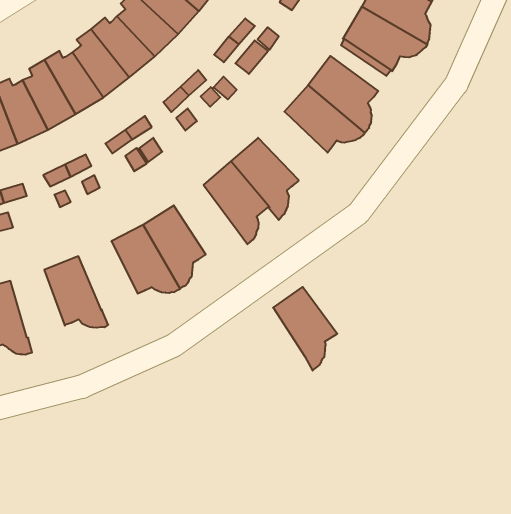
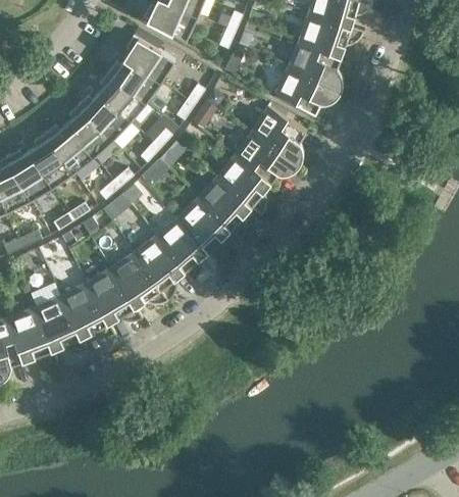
building: none -> [216,153,271,214]
building: none -> [86,267,142,322]
building: none -> [35,295,87,350]
building: [273,287,337,371] -> [156,216,208,281]

